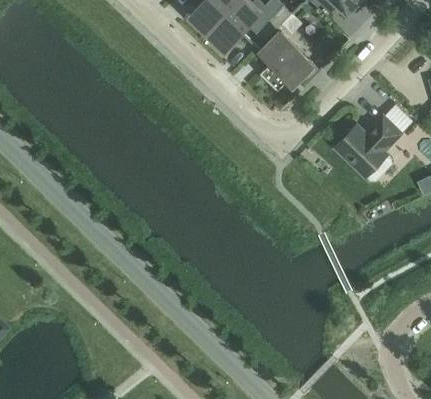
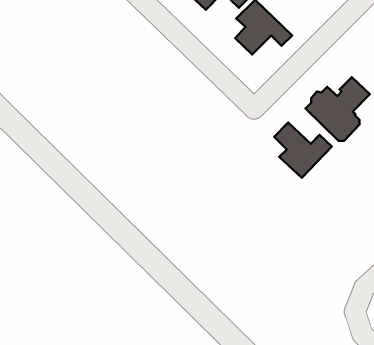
building: none -> [274,123,332,178]

